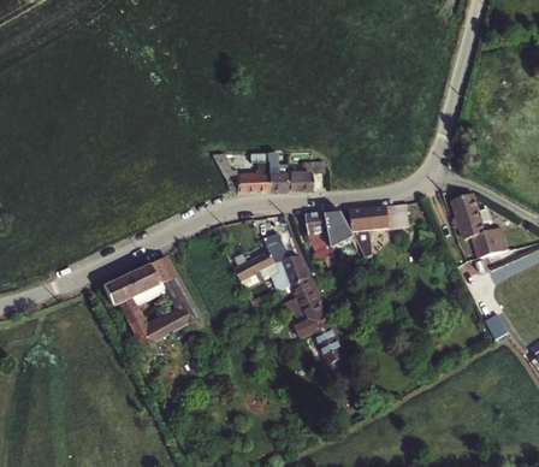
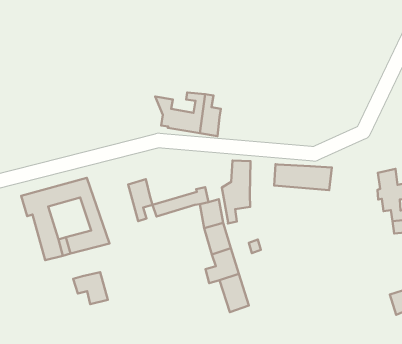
building: [286,159,315,191] -> none
building: [325,209,357,244] -> none
building: none -> [128,179,152,221]
building: none -> [73,272,108,304]

